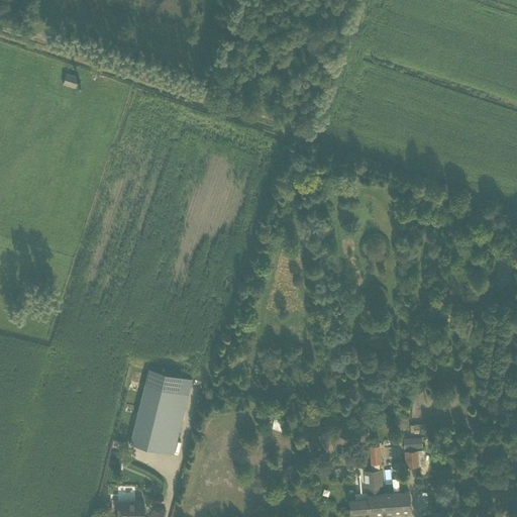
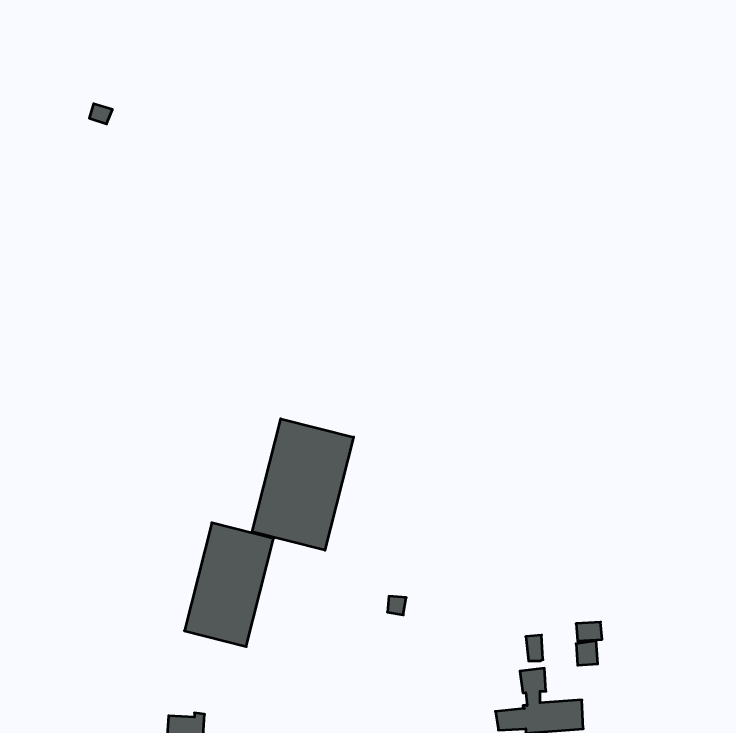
building: none -> [252,419,354,550]

